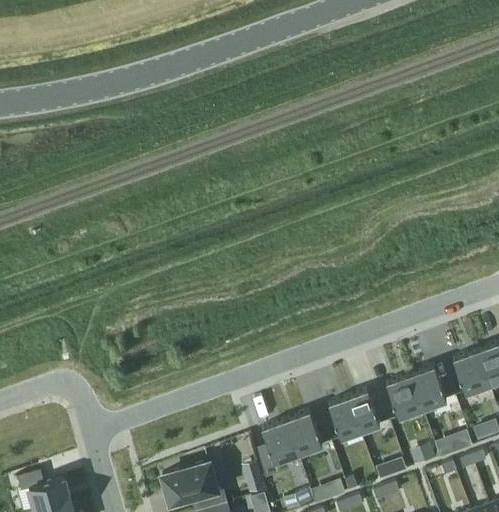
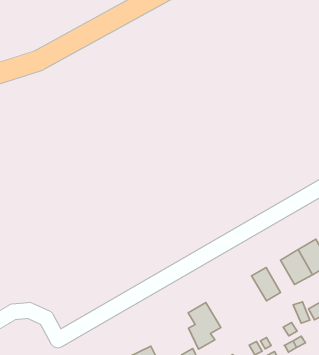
building: [328,399,360,440] -> none
building: [285,413,322,456] -> none

